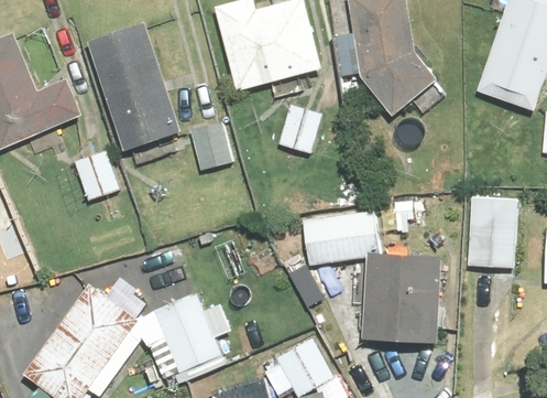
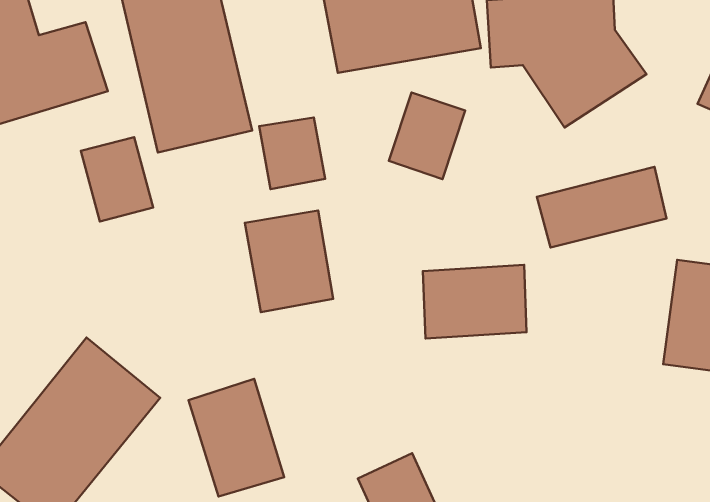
building: none -> [537,167,667,248]
building: none -> [245,211,333,312]
building: [358,255,445,344] -> none

